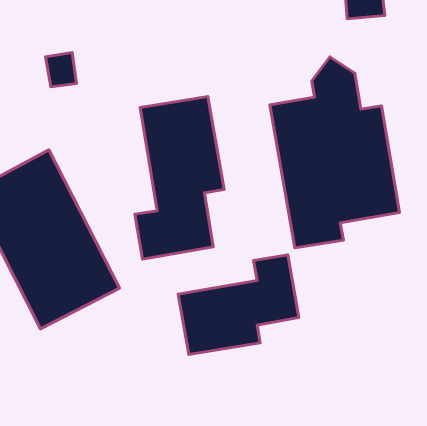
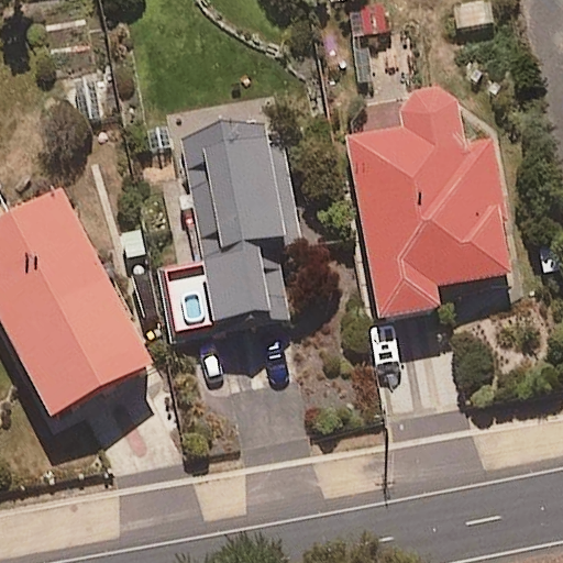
building: [178,255,299,355] -> none

